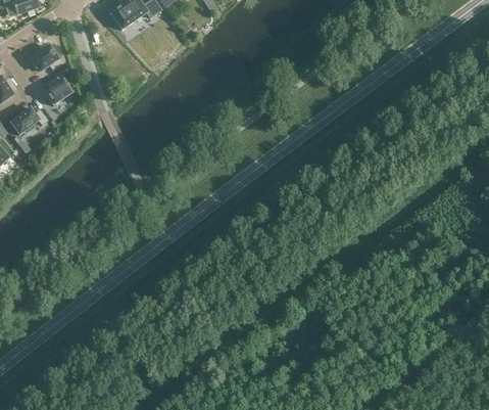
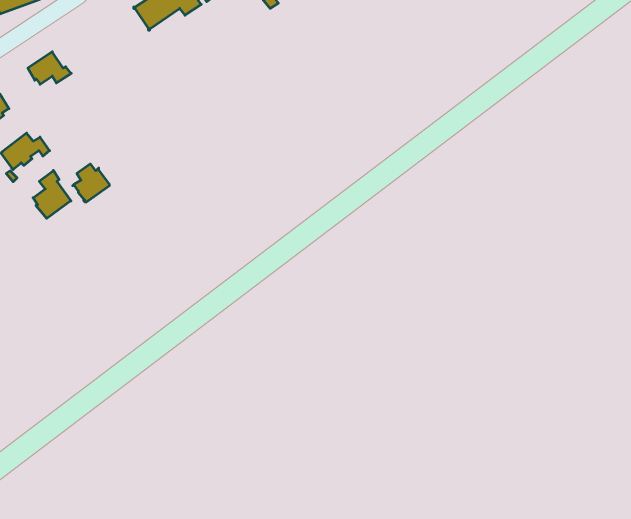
building: [44,76,71,104] -> [73,164,109,202]
building: none -> [33,170,71,218]

